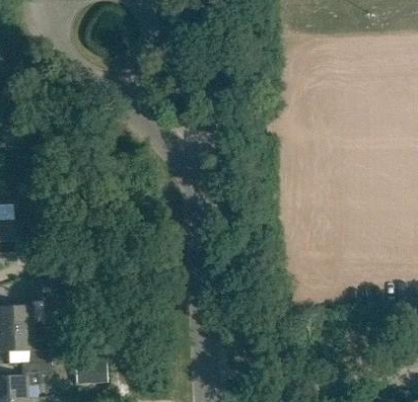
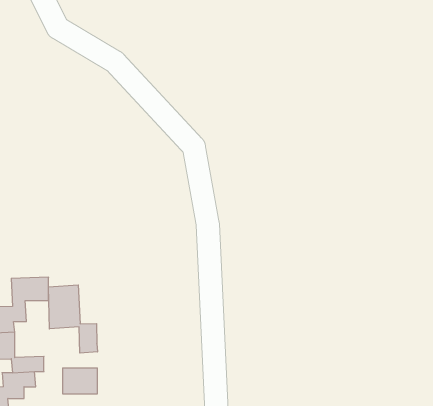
building: none -> [49,285,97,353]

